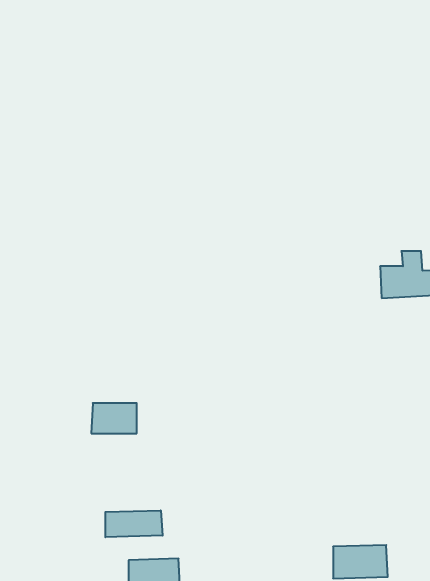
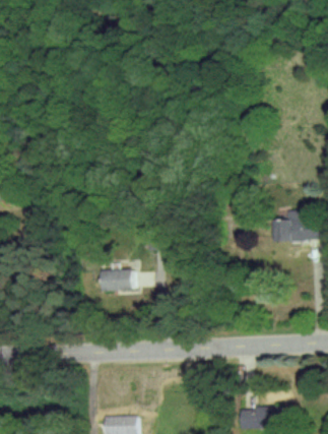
building: [91,403,137,433] -> [97,270,128,291]
building: [105,510,163,537] -> none

